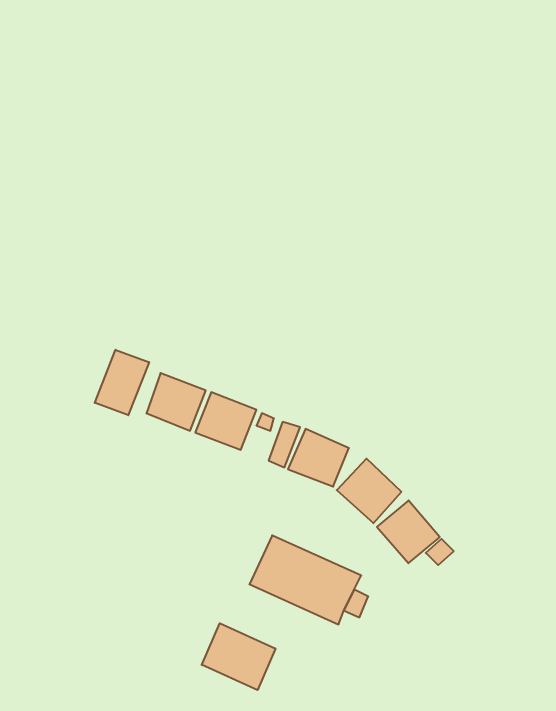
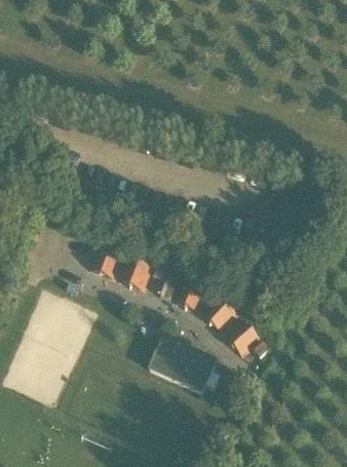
building: [95,350,149,415] -> none
building: [202,623,275,690] -> none

